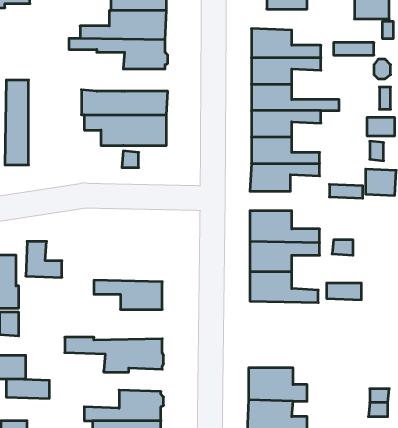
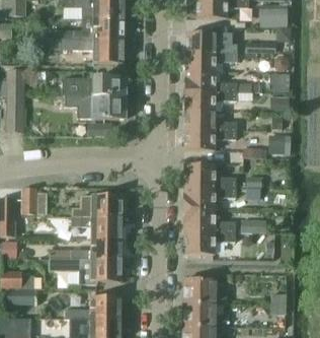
building: none -> [72,195,125,217]
building: none -> [184,231,235,255]
building: none -> [51,238,122,260]

